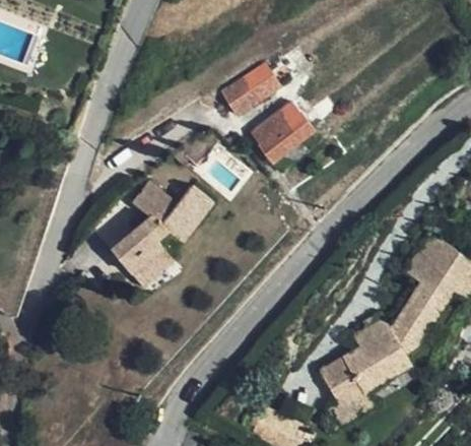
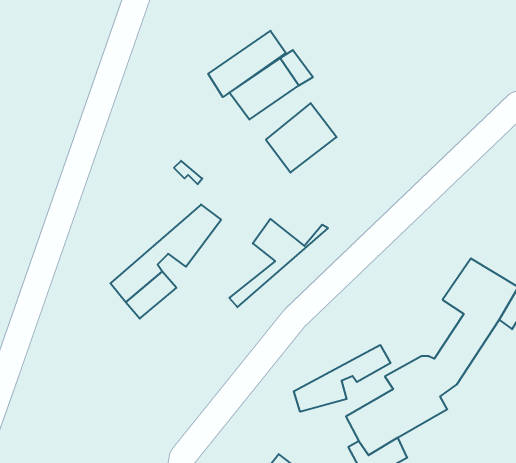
building: none -> [208,31,286,97]
building: [110,180,195,256] -> [229,219,328,307]
building: none -> [294,345,391,412]

